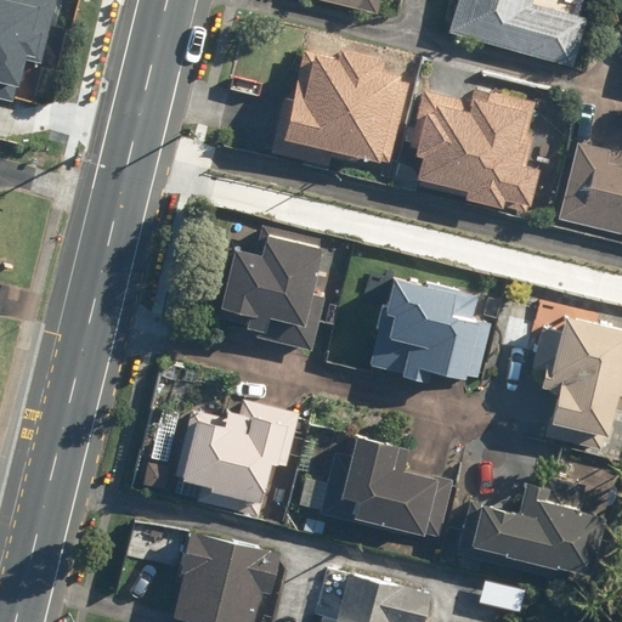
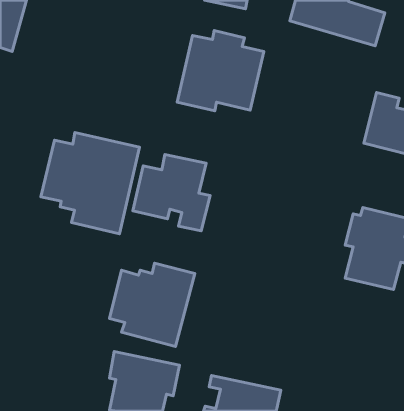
building: [411,87,536,207] -> none
building: none -> [41,133,139,234]
building: [368,281,473,383] -> none
building: [322,434,440,543] -> none
building: [458,475,601,582] -> none

